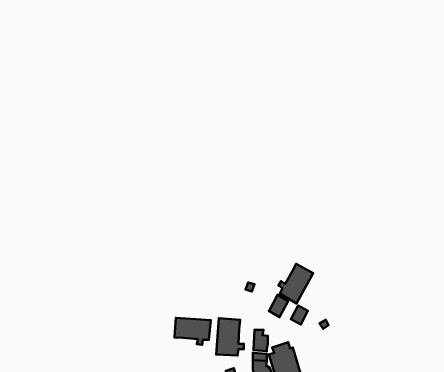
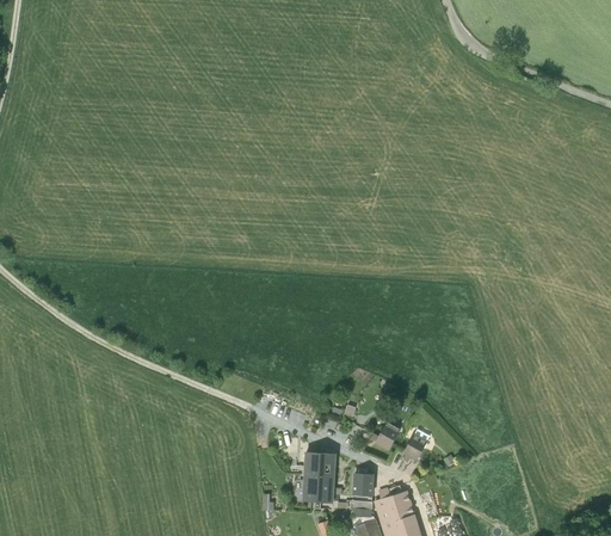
building: [278,264,313,304] -> none
building: [175,318,211,345] -> none

